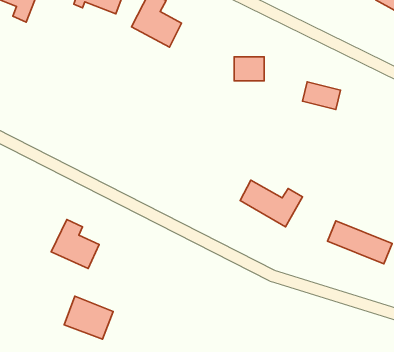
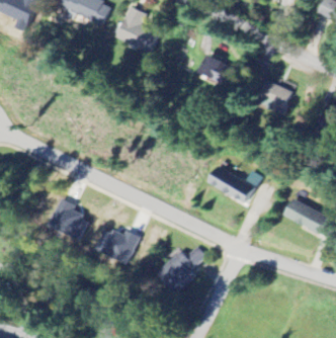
building: none -> [154,244,202,291]
building: [64,296,113,339] -> [93,225,135,261]

